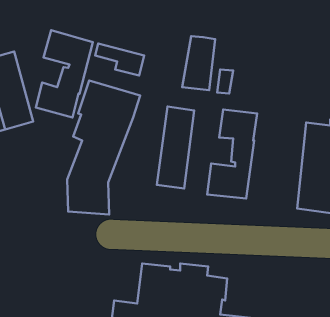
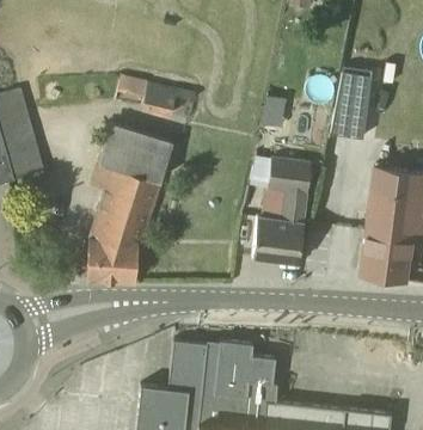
building: [36,30,93,118] -> none
building: [182,36,215,90] -> [331,73,370,137]
building: [157,107,194,188] -> none

